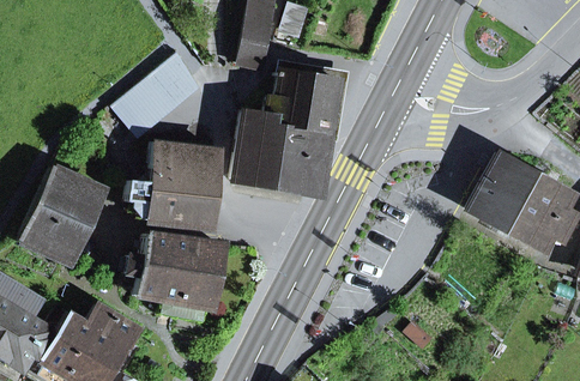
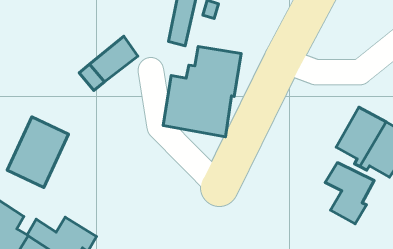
building: [127,139,218,226] -> none
building: none -> [325,163,374,224]
building: [126,231,224,326] -> none

